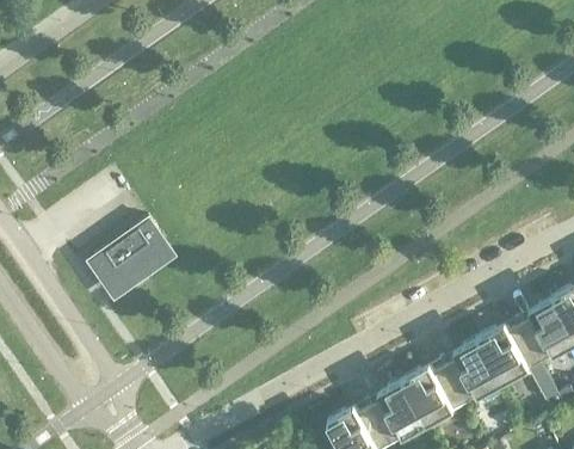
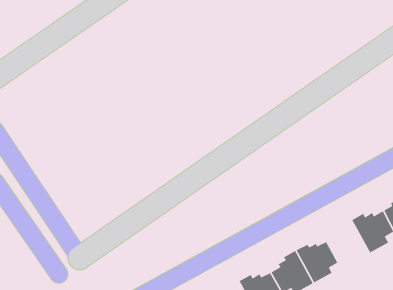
building: [90,219,166,287] -> none
building: [444,339,502,405] -> none

